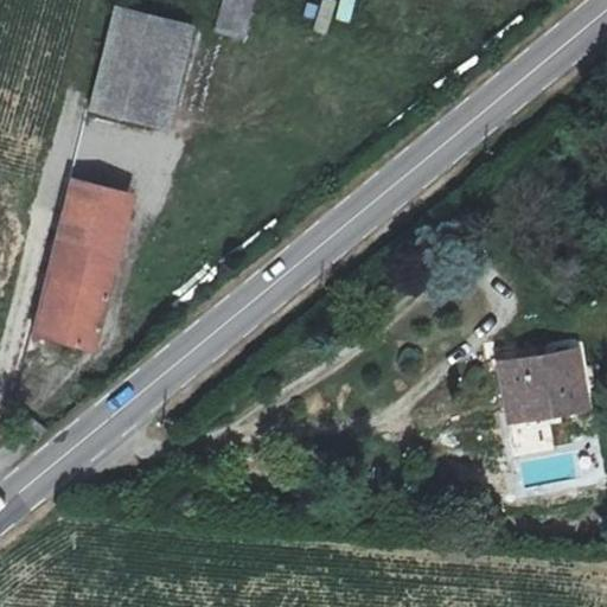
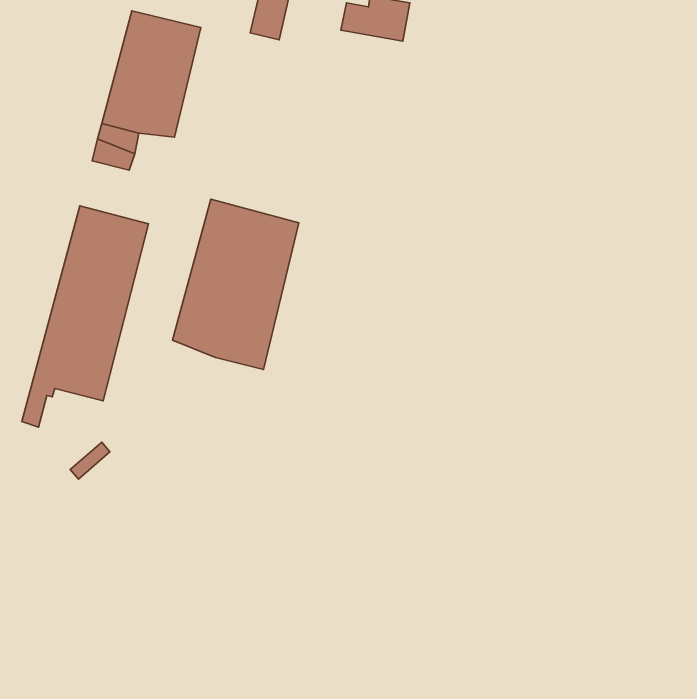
building: none -> [173,199,299,369]
building: [503,347,589,418] -> none

